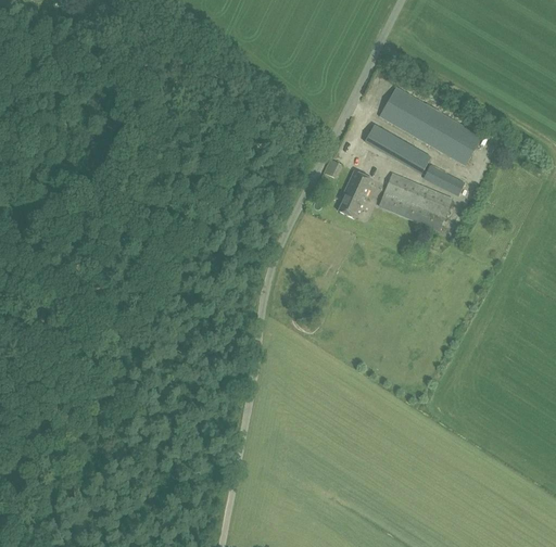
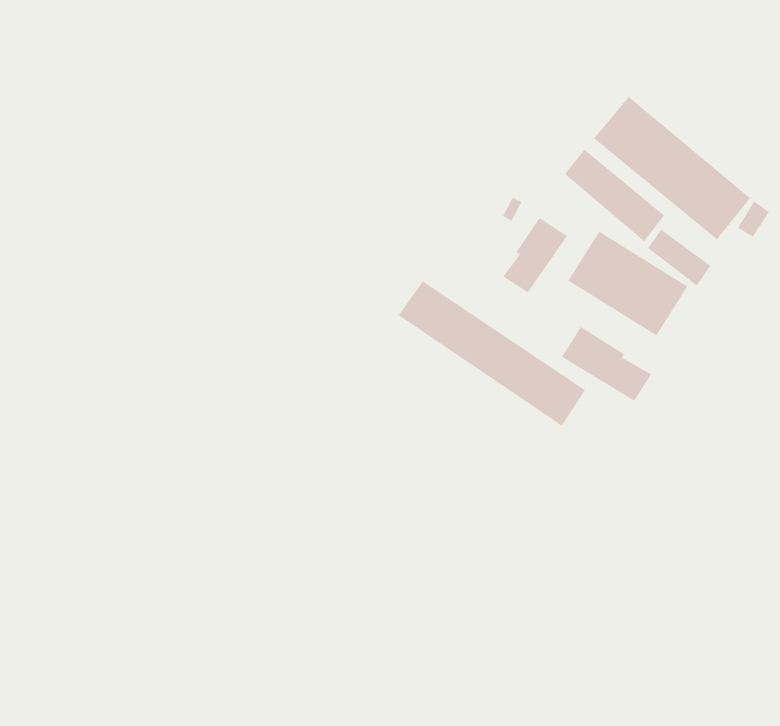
building: none -> [398,280,586,426]
building: none -> [561,326,652,402]

